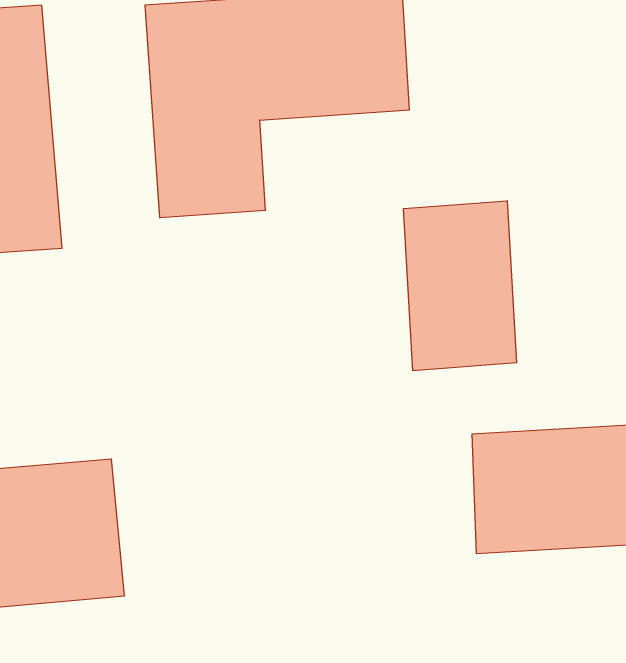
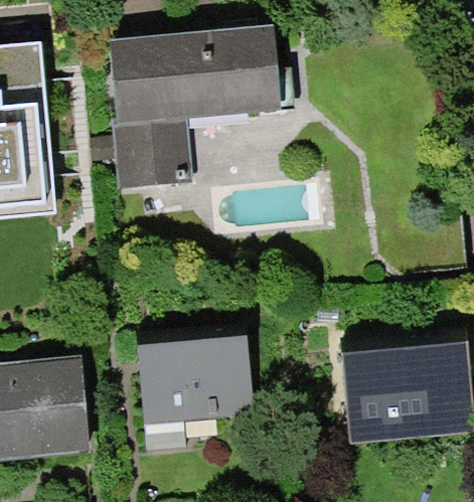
building: [404,201,516,371] -> none
building: none -> [139,326,252,452]

